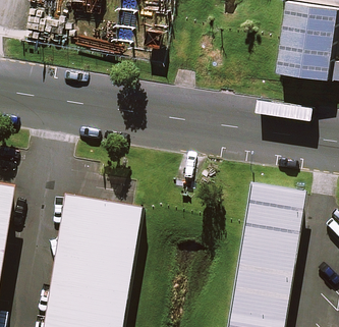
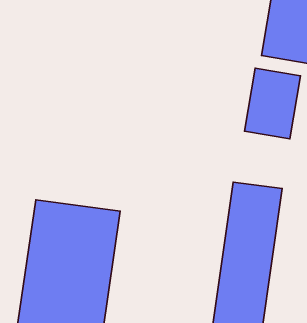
building: none -> [244,68,301,139]

